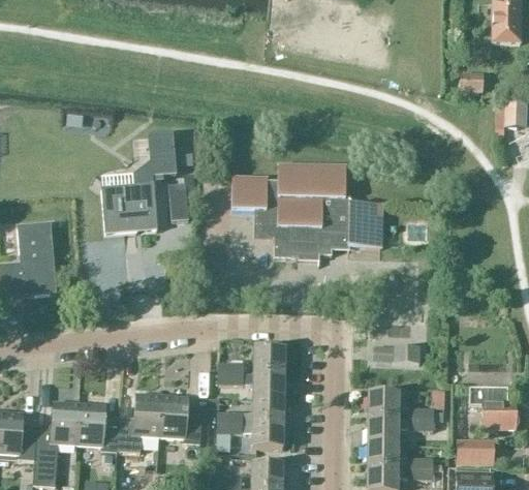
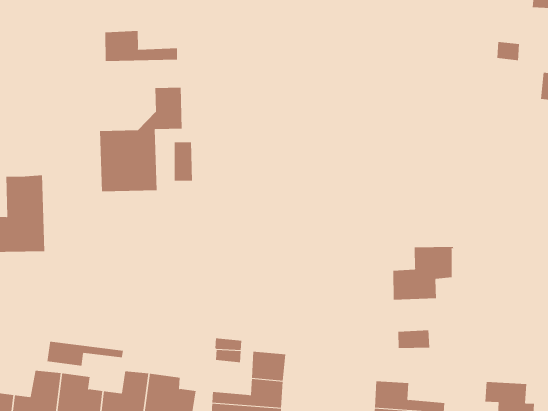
building: none -> [105,30,178,62]
building: [231,164,381,257] -> none
building: none -> [393,246,454,300]
building: [253,348,284,373] -> none
building: none -> [47,341,123,367]

